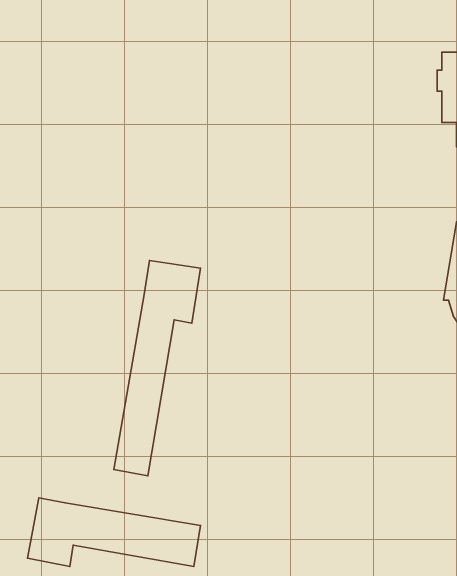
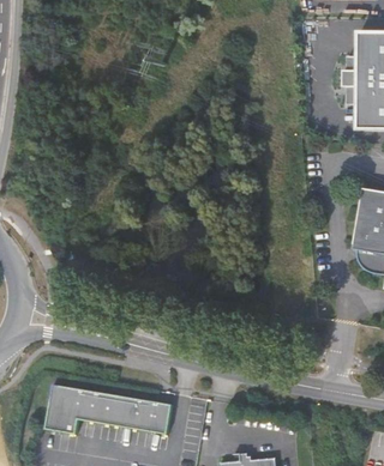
building: [114,261,201,476] -> none

